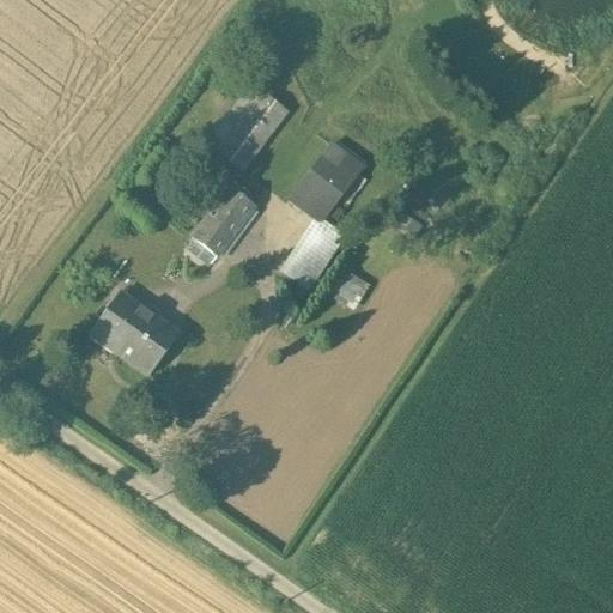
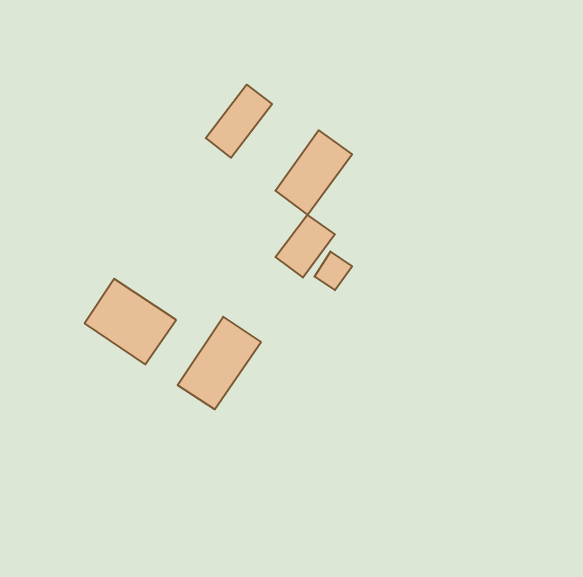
building: [188,184,259,261] -> none
building: none -> [178,317,261,409]

